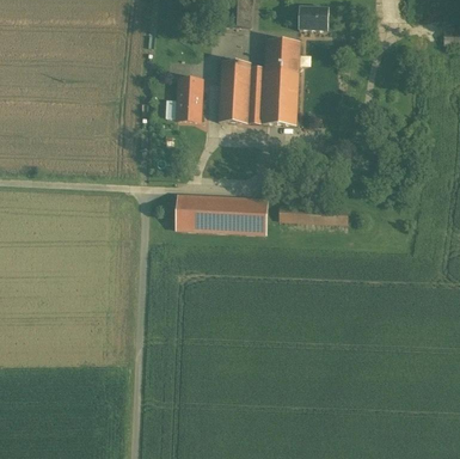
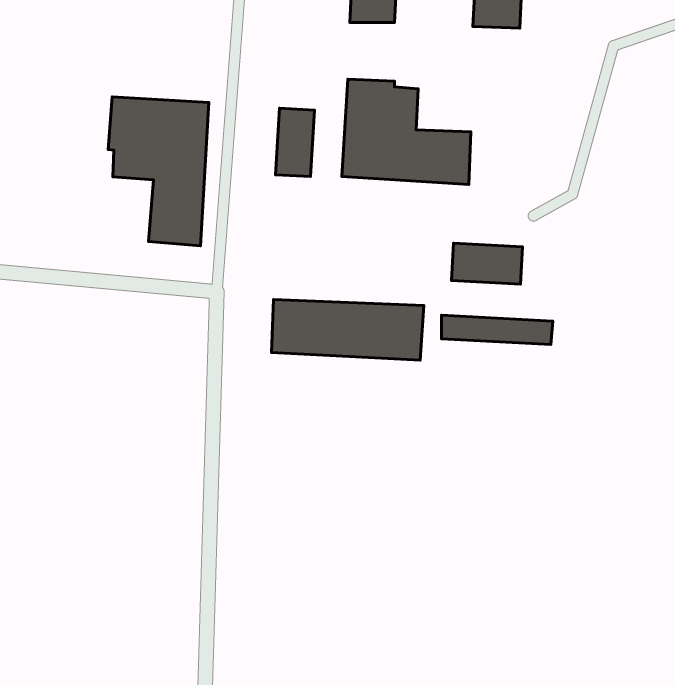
building: [264,38,300,93] -> none
building: none -> [108,97,209,246]
building: none -> [452,243,523,284]

